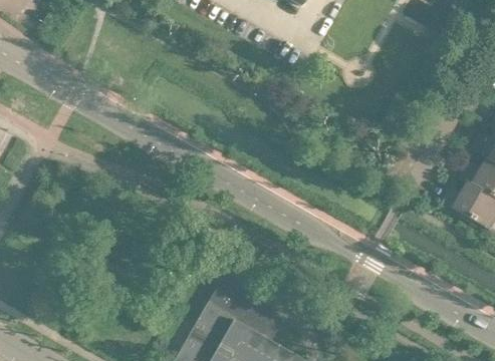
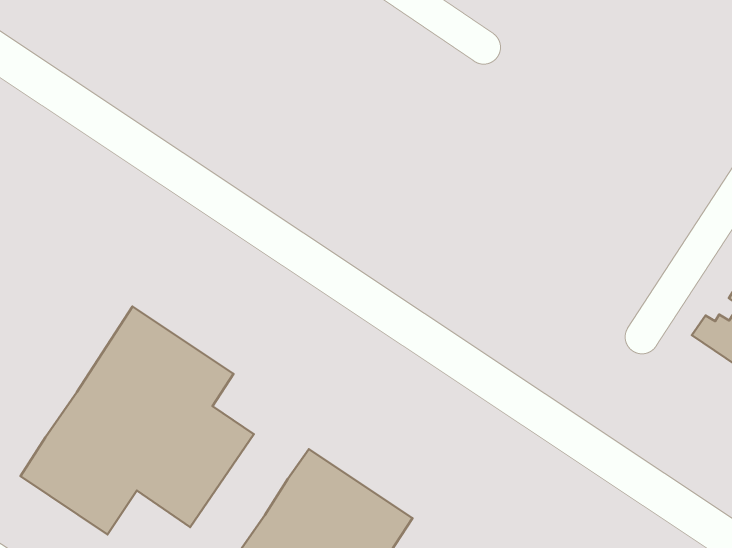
building: none -> [21,307,254,535]

